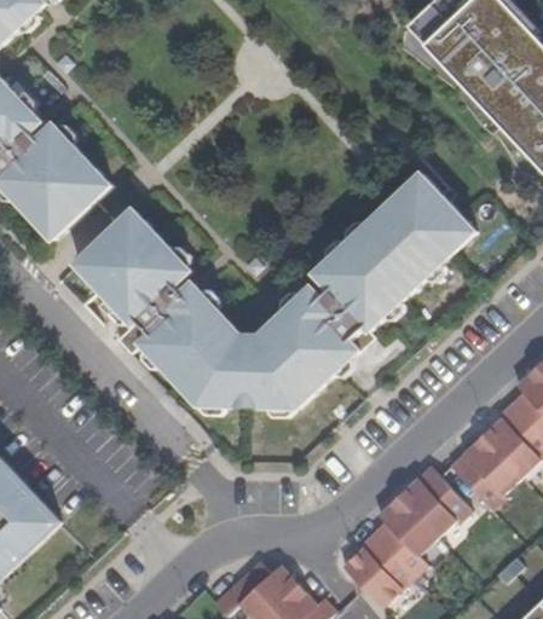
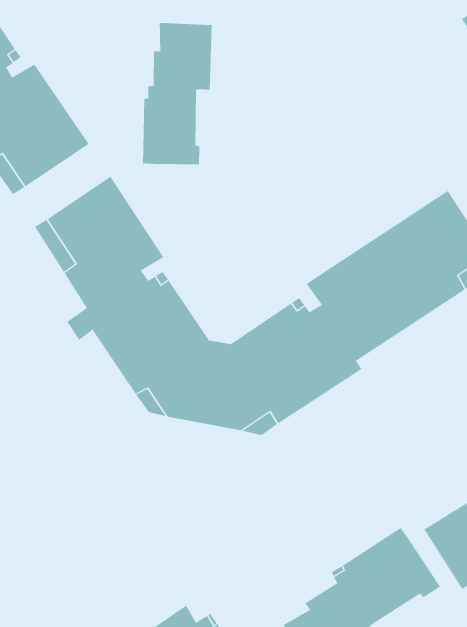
building: none -> [143,22,212,165]

